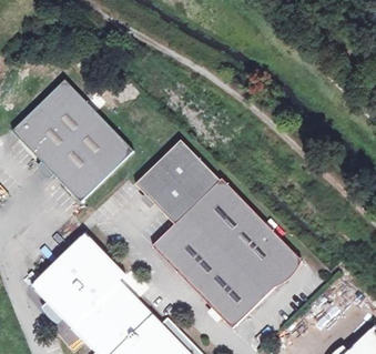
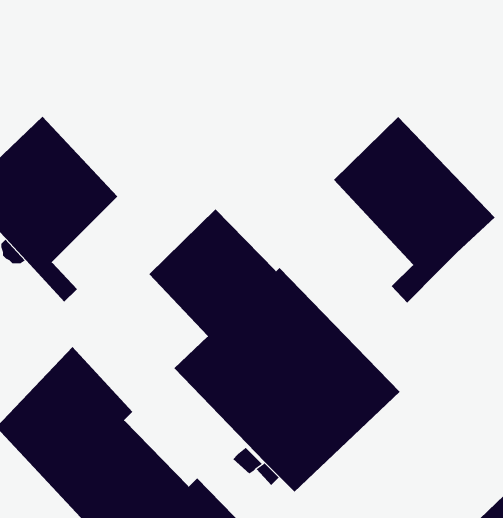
building: none -> [333,116,495,304]
building: [72,133,133,194] -> none

